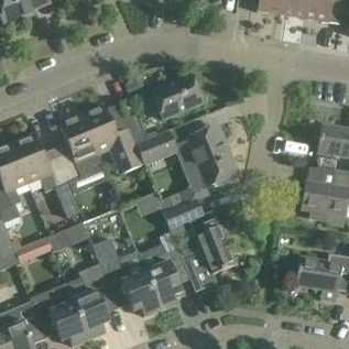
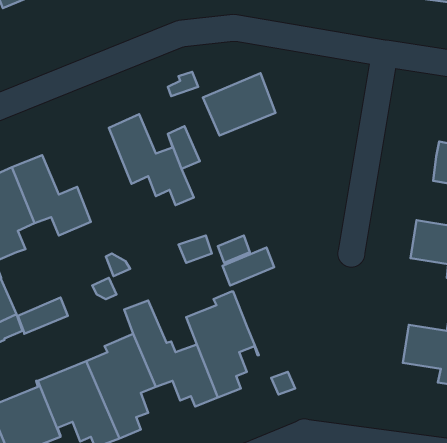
building: [58,113,108,194] -> none
building: [183,126,237,187] -> none
building: [134,131,176,164] -> none
building: [182,219,237,294] -> none

